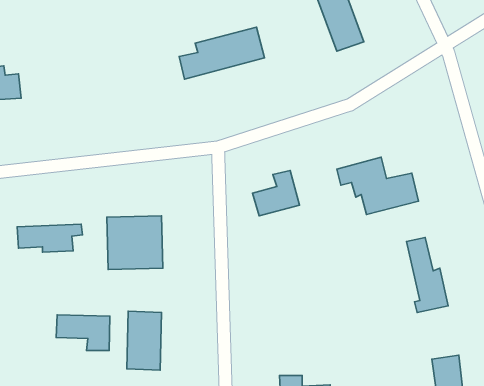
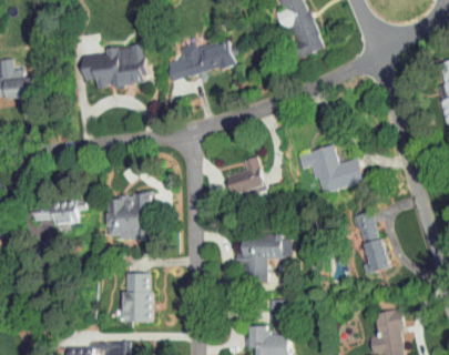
building: none -> [83,44,149,87]
building: none -> [236,234,293,278]
building: [56,315,110,351] -> none

